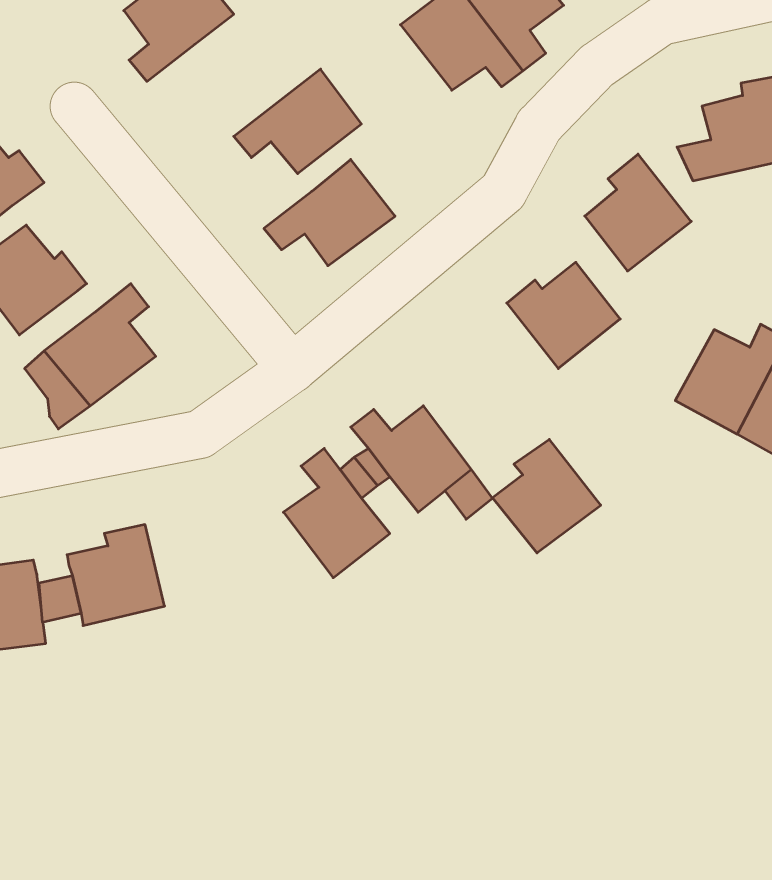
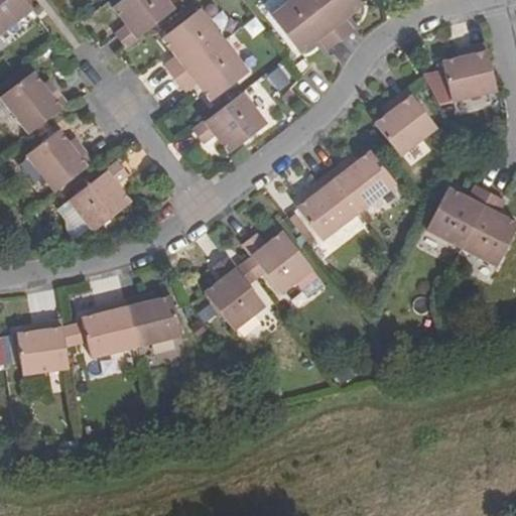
building: none -> [162,8,225,79]
building: [493,439,601,553] -> [298,173,360,238]
building: none -> [125,295,180,346]

